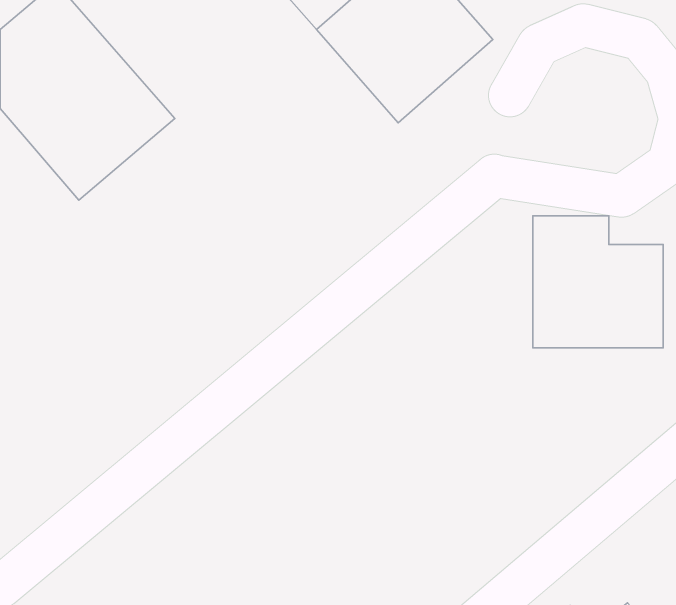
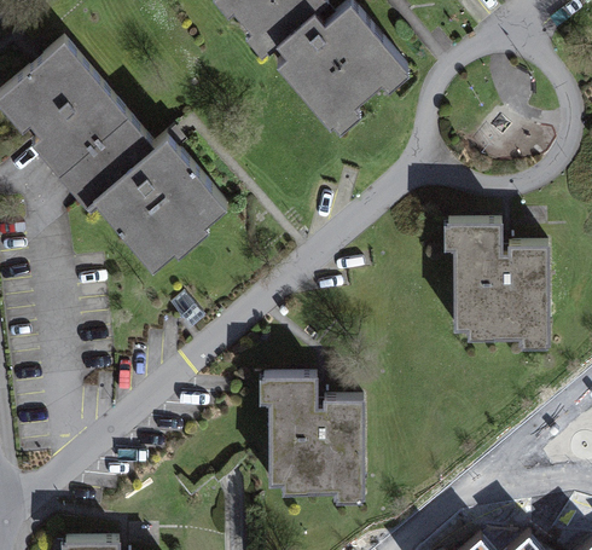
building: none -> [69,133,219,280]
building: none -> [256,372,367,484]

